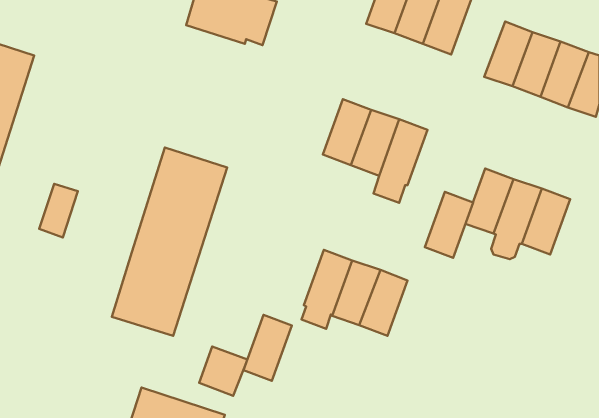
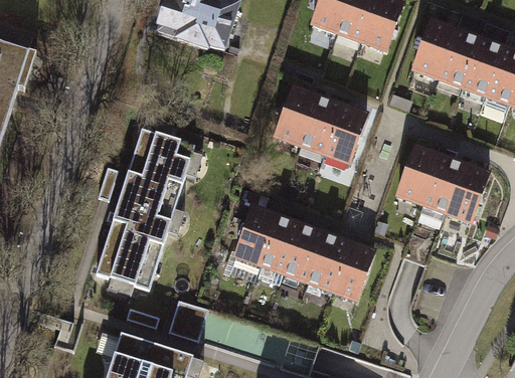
building: [39,184,78,238] -> none
building: [425,192,473,258] -> [332,241,373,298]
building: [243,315,292,381] -> [236,206,278,262]

